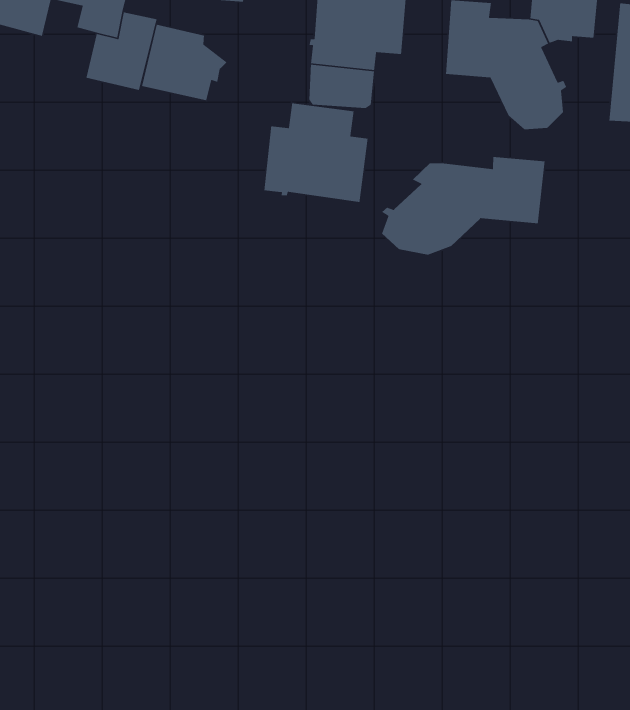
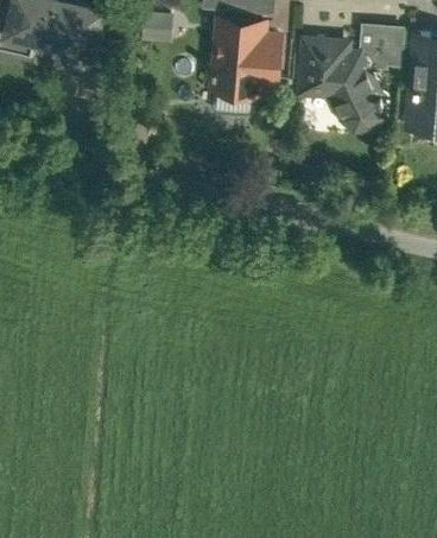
building: [141,24,227,101] -> none
building: [264,102,369,203] -> none
building: [381,156,546,256] -> none

